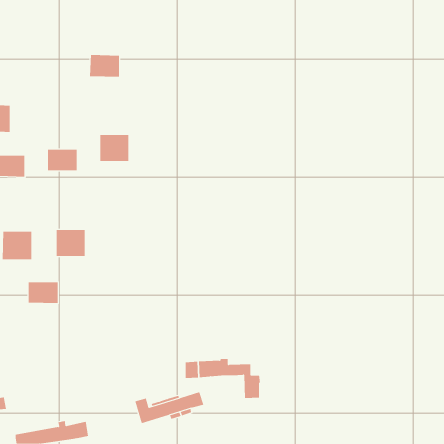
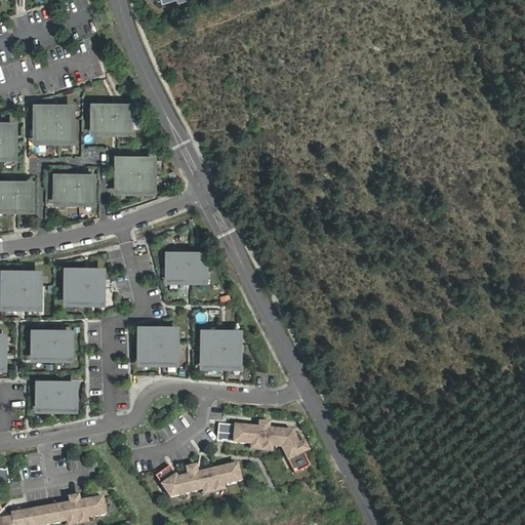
building: [89,55,120,77] -> [92,105,128,131]
building: none -> [35,106,71,139]
building: none -> [167,253,203,279]
building: none -> [139,328,174,362]
building: none -> [202,330,238,365]
building: none -> [37,382,74,408]

